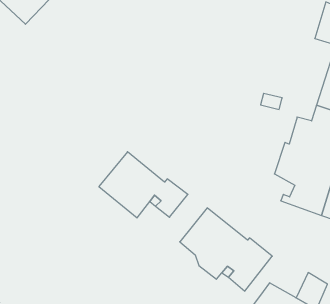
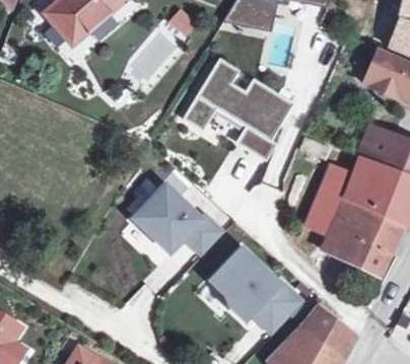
building: none -> [184,59,294,154]
building: none -> [296,306,336,345]

